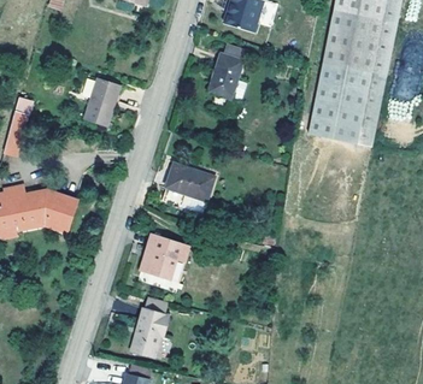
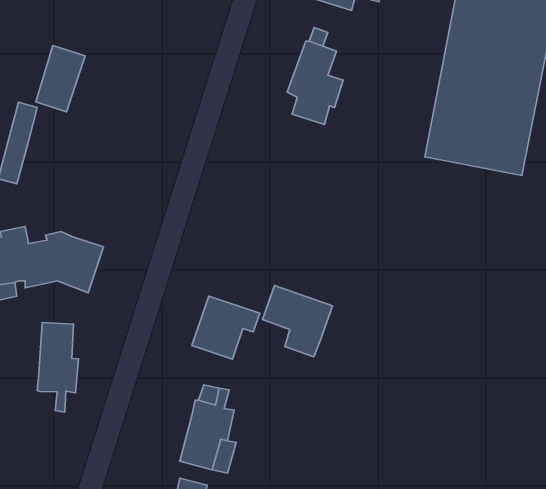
building: [84,78,119,125] -> [36,46,85,112]
building: [165,163,215,213] -> [263,285,332,357]
building: none -> [37,323,79,412]

